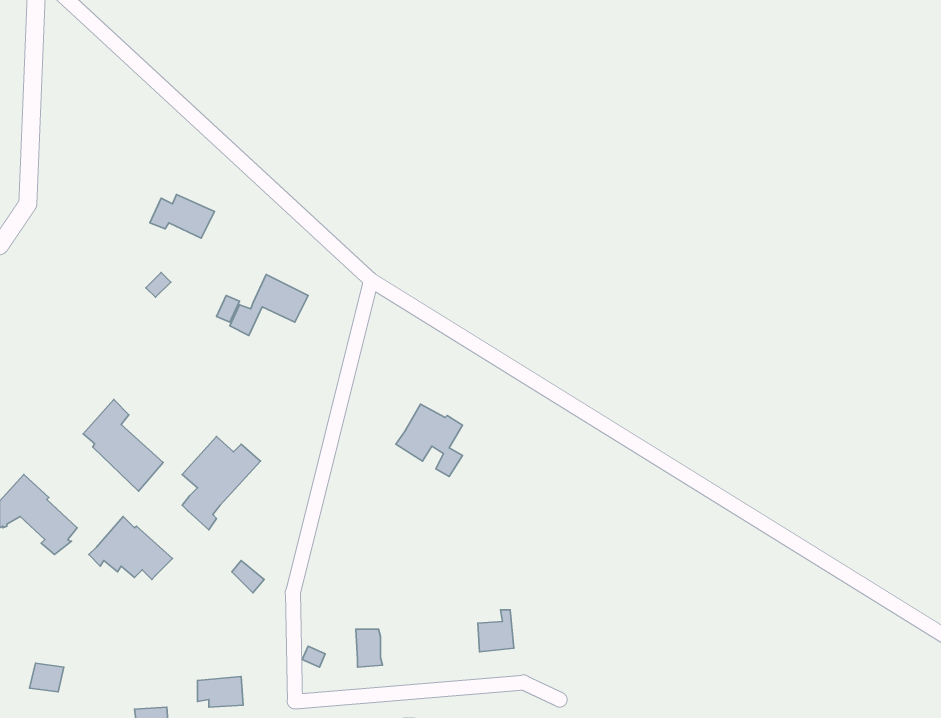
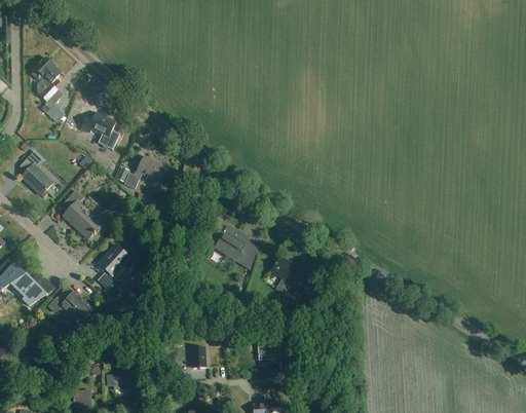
building: none -> [32,58,66,123]
building: none -> [20,150,53,195]
building: [83,400,163,491] -> [59,190,102,239]
building: none -> [271,256,302,299]

